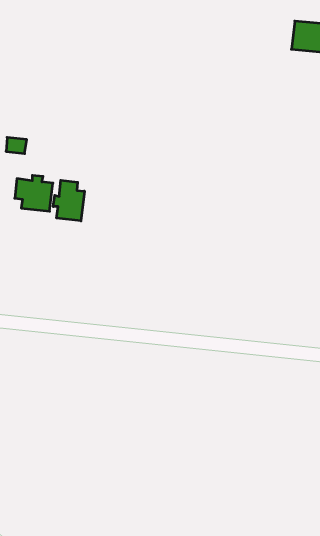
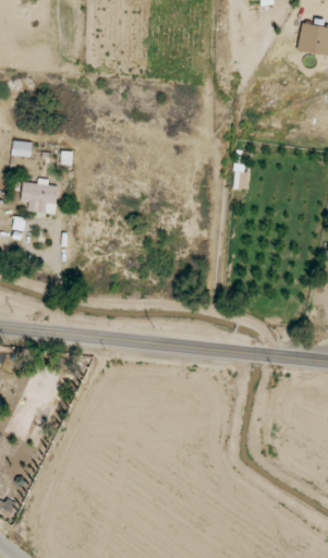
building: [53,180,84,221] -> none

